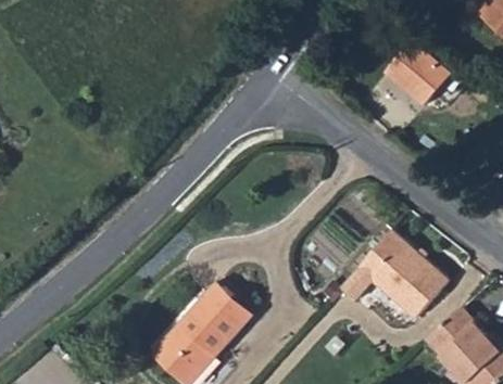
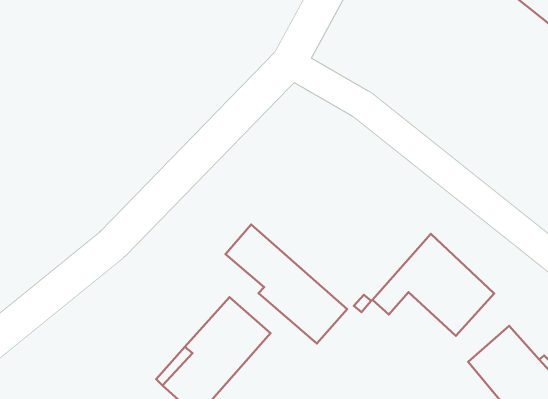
building: [383,49,452,114] -> none
building: none -> [225,225,347,344]

